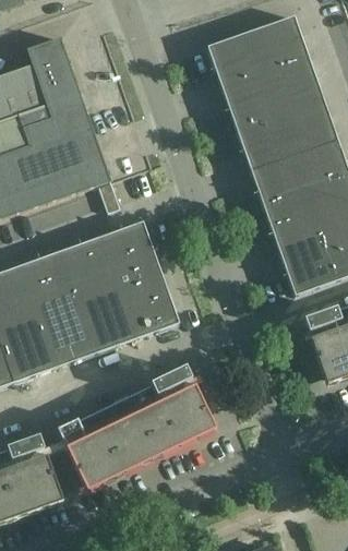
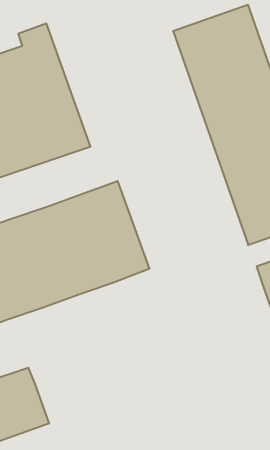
building: [57,367,215,492] -> none

